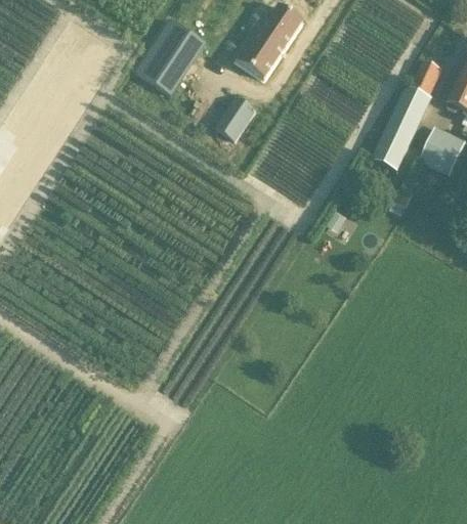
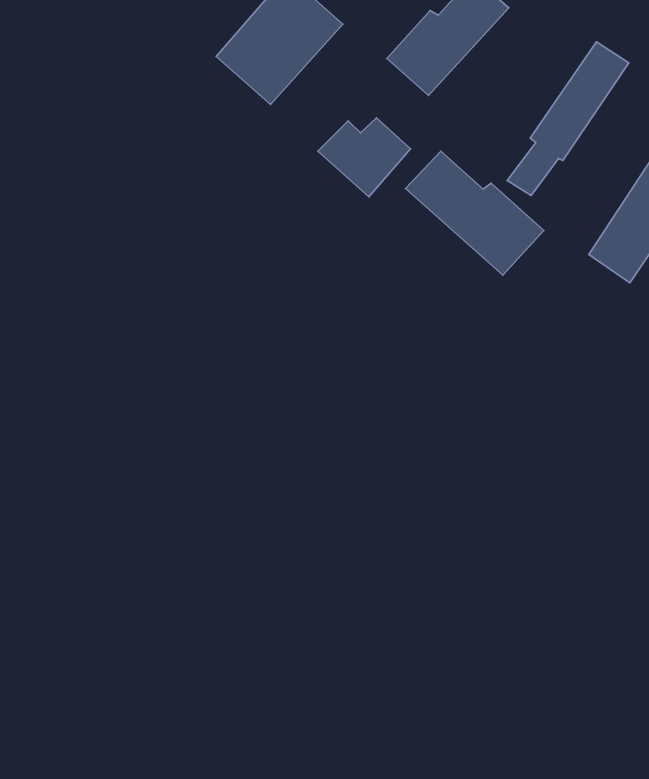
building: none -> [507,42,629,196]
building: none -> [406,151,544,275]

